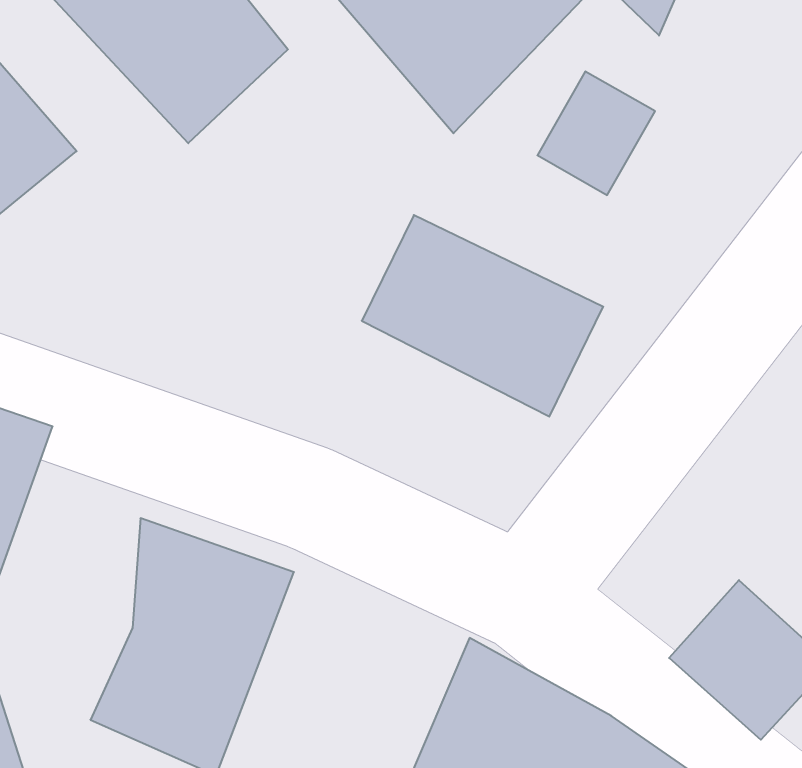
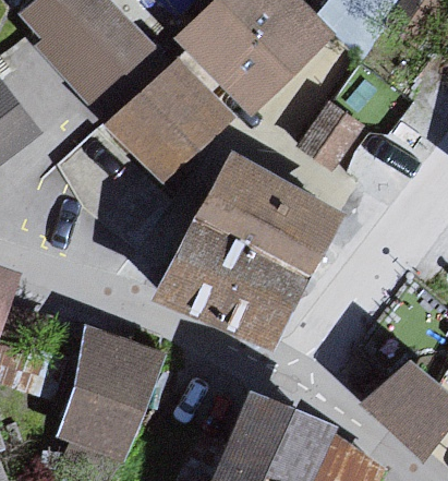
building: none -> [106,59,221,173]
building: none -> [164,220,303,345]

